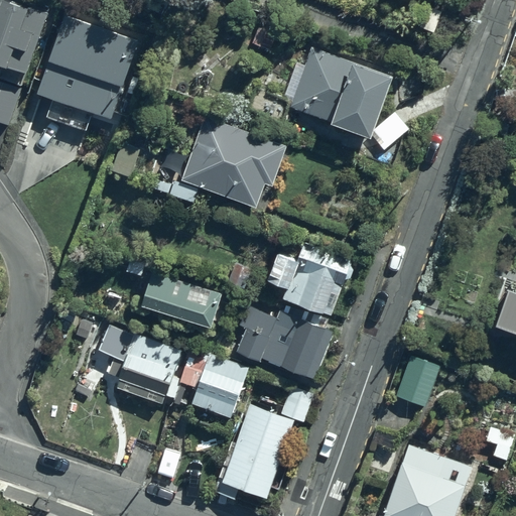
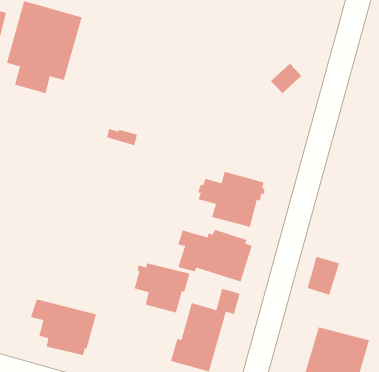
building: [282,48,393,128] -> none
building: [180,118,285,206] -> none
building: [141,271,220,326] -> none
building: [98,329,181,403] -> [30,299,97,355]

